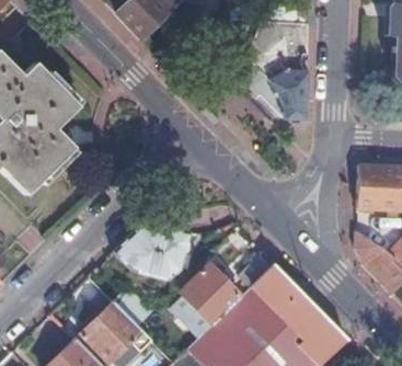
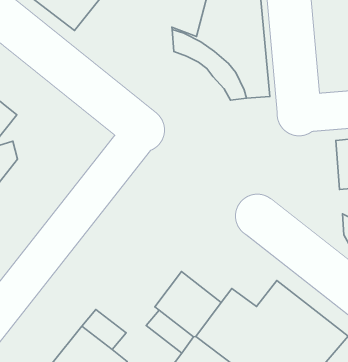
building: [115,221,192,281] -> none

